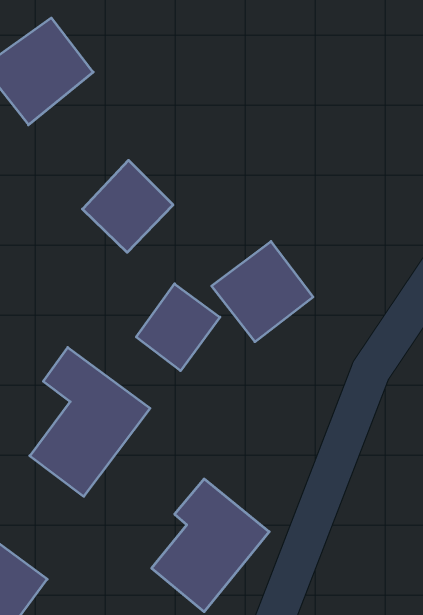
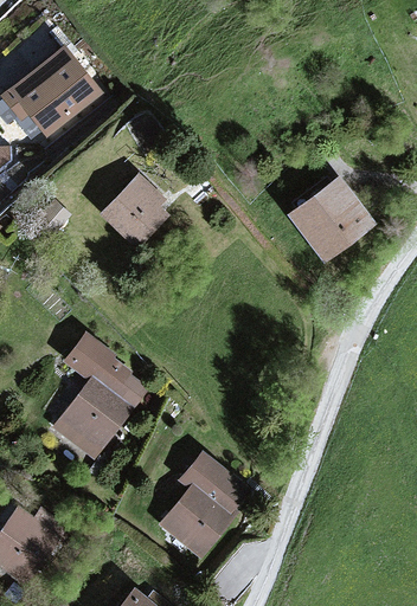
building: [212,241,313,342] -> [282,173,371,260]
building: [136,284,220,371] -> none

